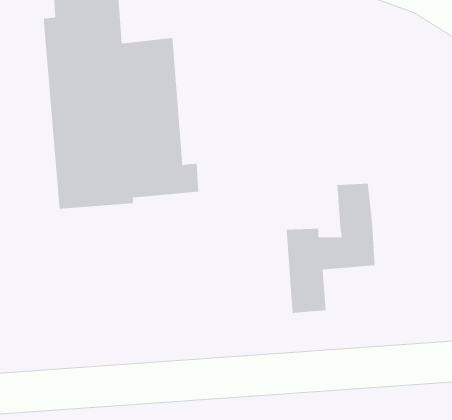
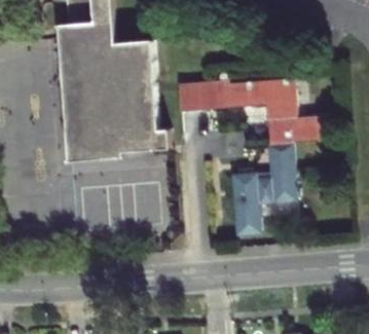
building: none -> [176,79,327,143]

